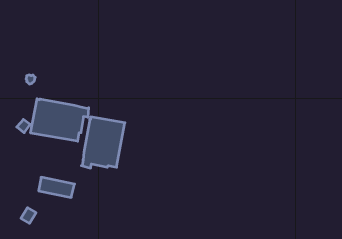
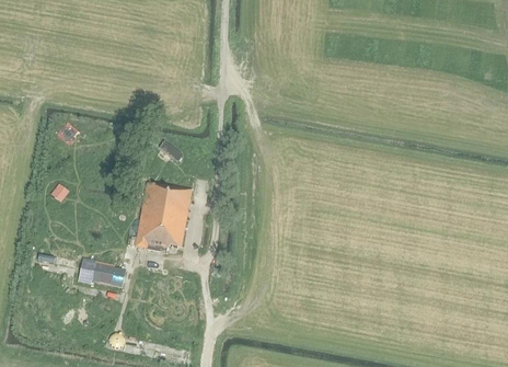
building: [31,99,89,141] -> none

